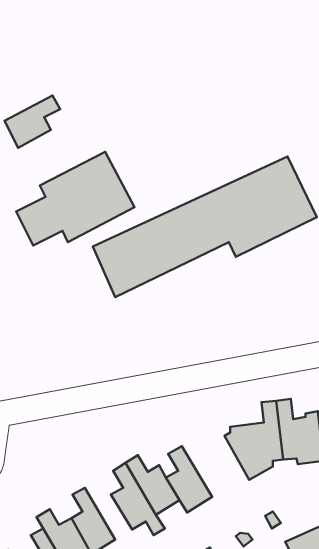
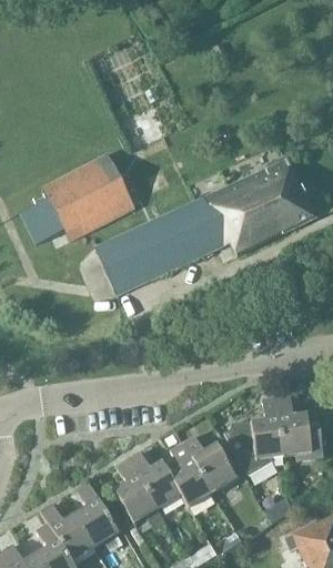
building: [5,96,60,148] -> none
building: none -> [183,435,238,491]

